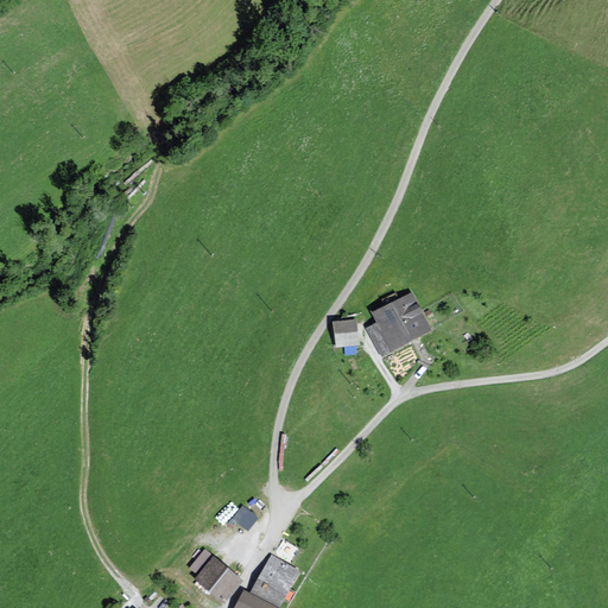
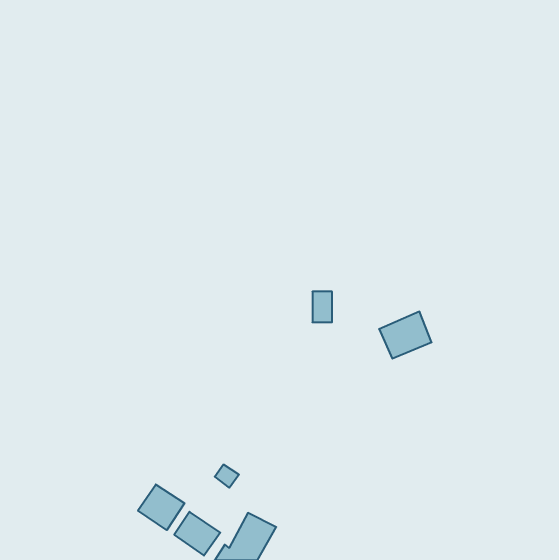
building: [372,298,429,349] -> [379,312,432,359]
building: none -> [138,484,184,530]

